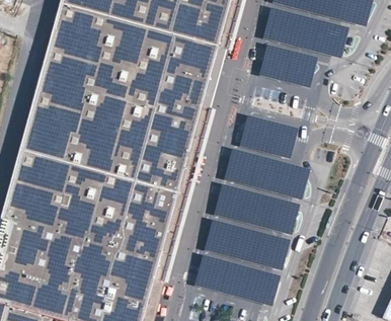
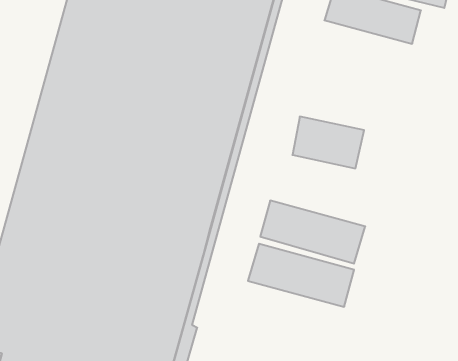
building: [258,42,317,84] -> none
building: [224,147,308,195] -> none
building: [196,253,282,304] -> none

